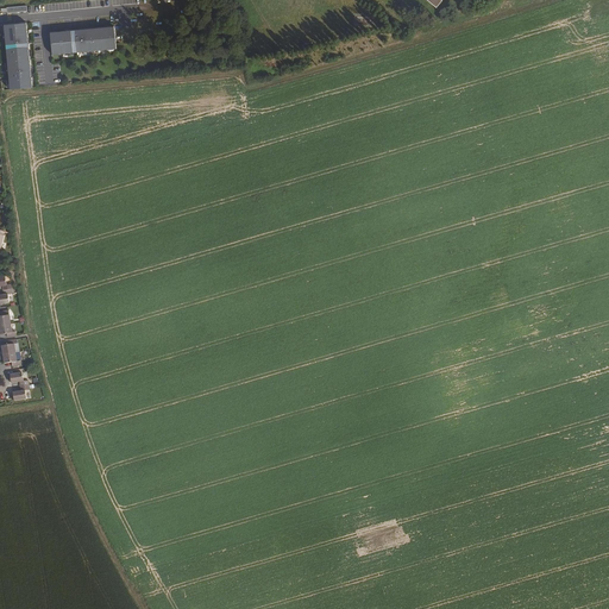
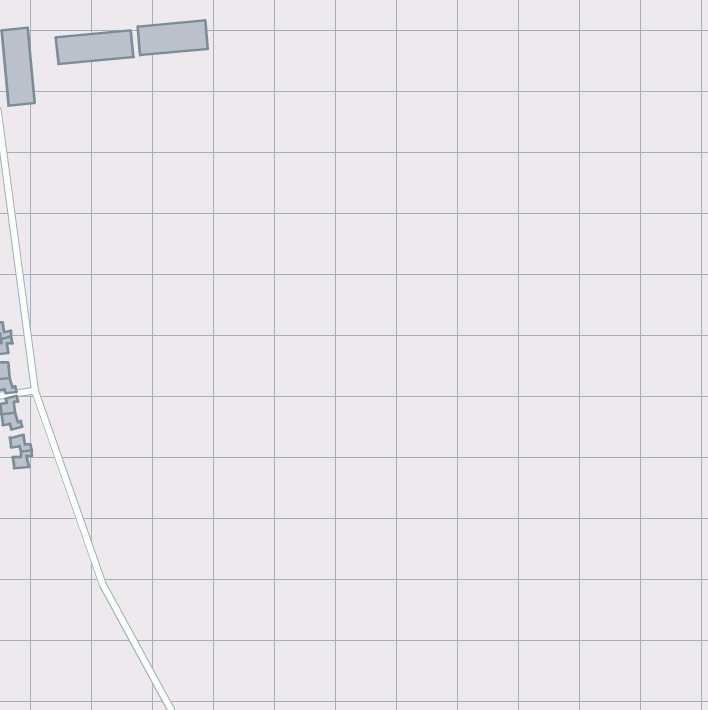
building: none -> [138,20,208,55]

